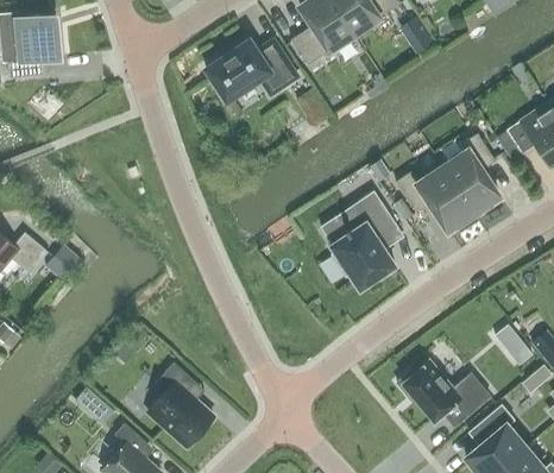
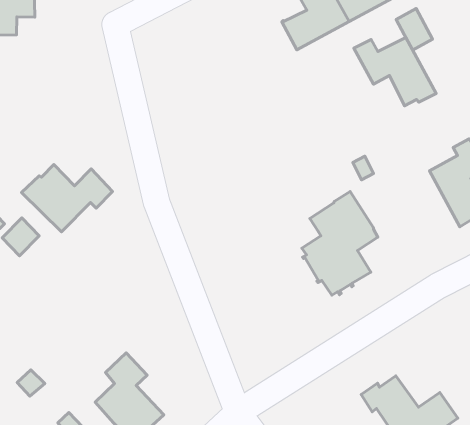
building: [206,39,297,100] -> none
building: [395,166,476,231] -> [354,38,436,106]
building: none -> [21,165,113,232]

